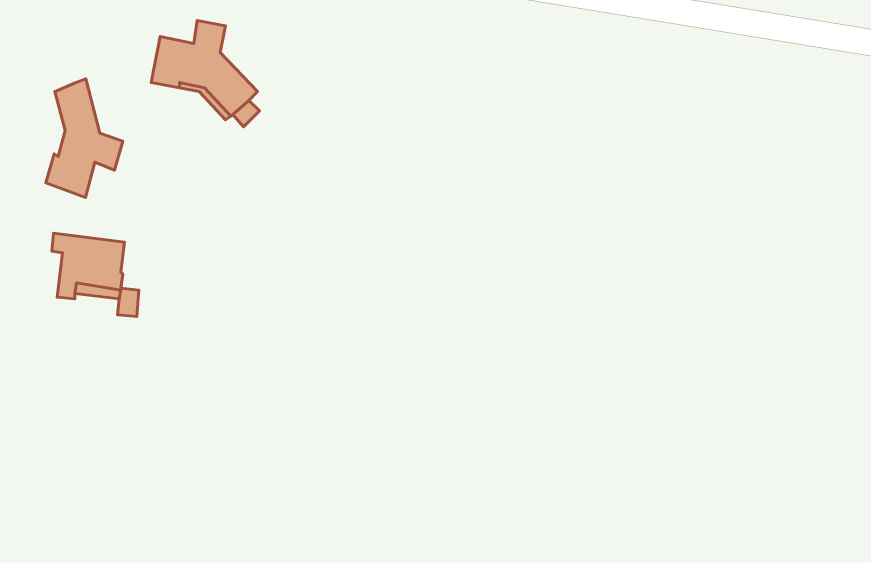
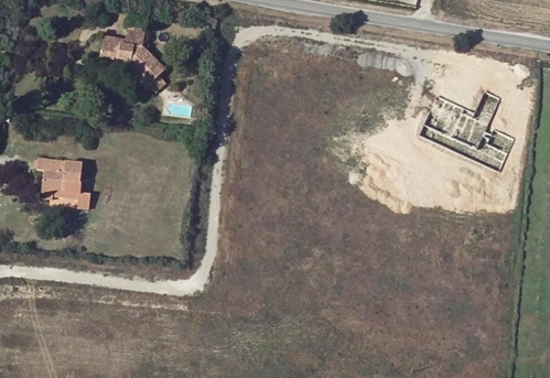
building: [46,79,123,197] -> none

